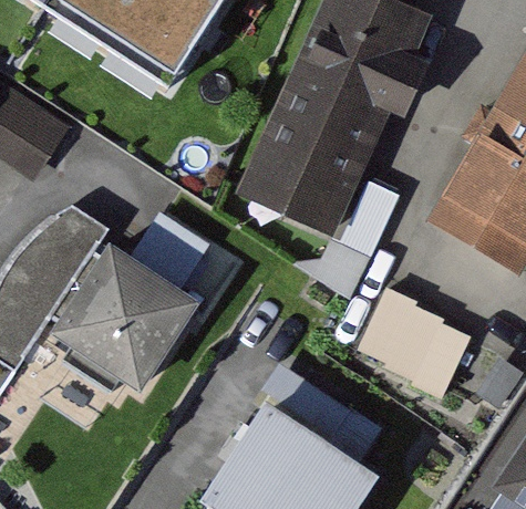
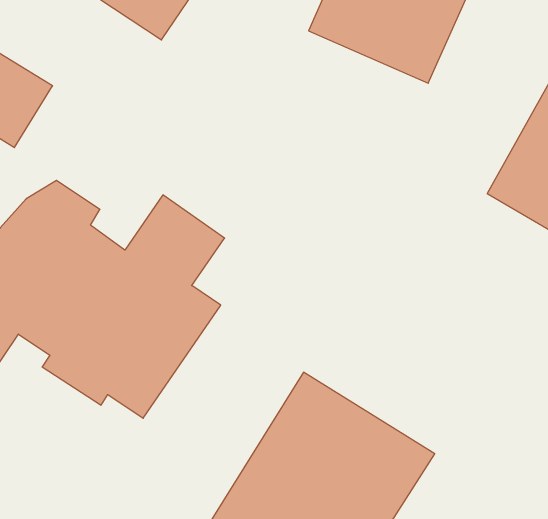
building: [235,77,395,251] -> none
building: [361,289,478,397] -> none

